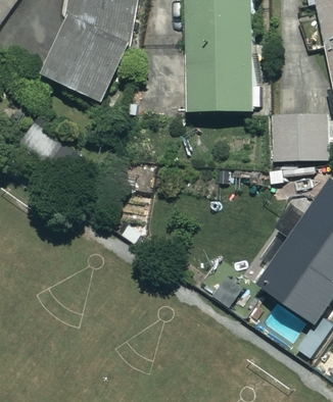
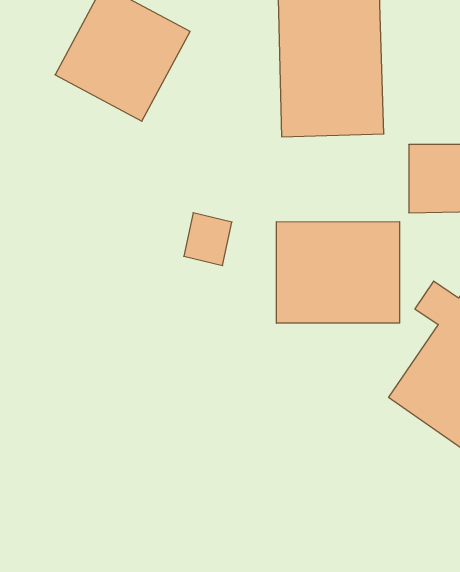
building: none -> [276,222,400,323]

